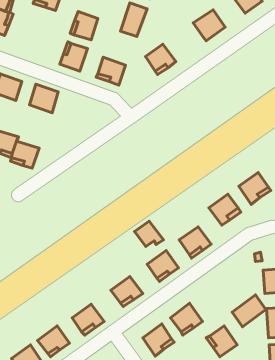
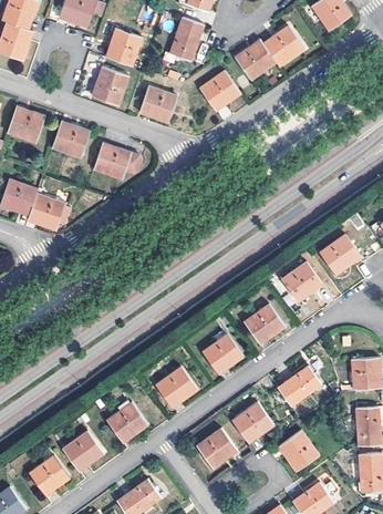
building: none -> [234,38,275,79]
building: none -> [92,142,141,177]
building: [135,221,163,246] -> none
building: [232,295,266,327] -> [278,364,321,405]

